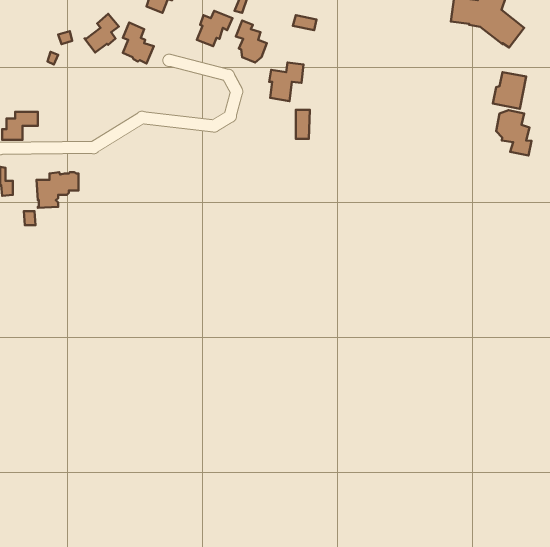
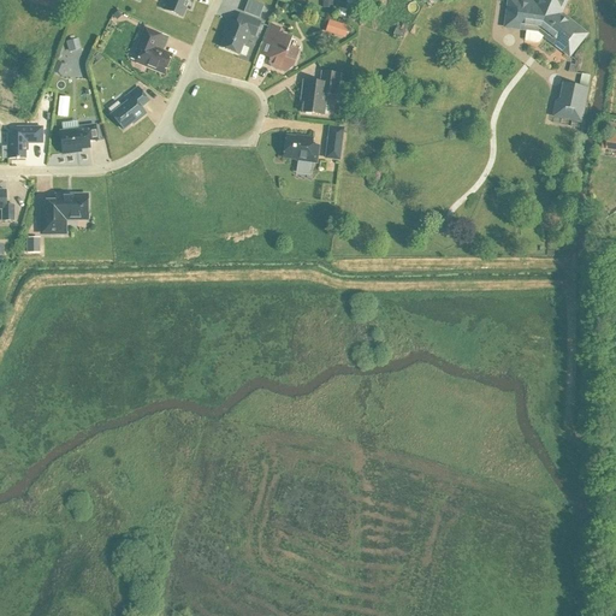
building: [84,14,119,52] -> [111,84,149,128]
building: none -> [60,123,97,152]
building: [496,110,531,155] -> none
building: none -> [283,135,319,161]

